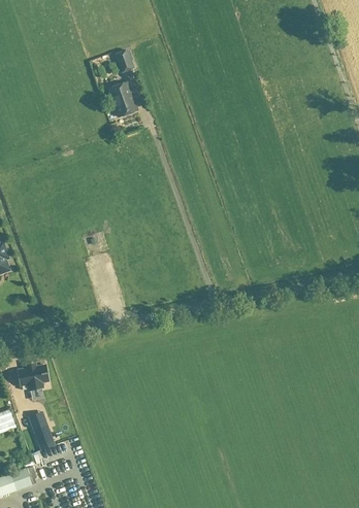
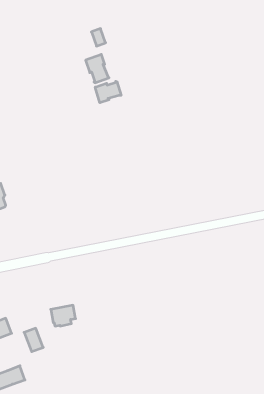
building: none -> [95,81,121,103]
building: [17,366,47,392] -> [51,305,76,326]

